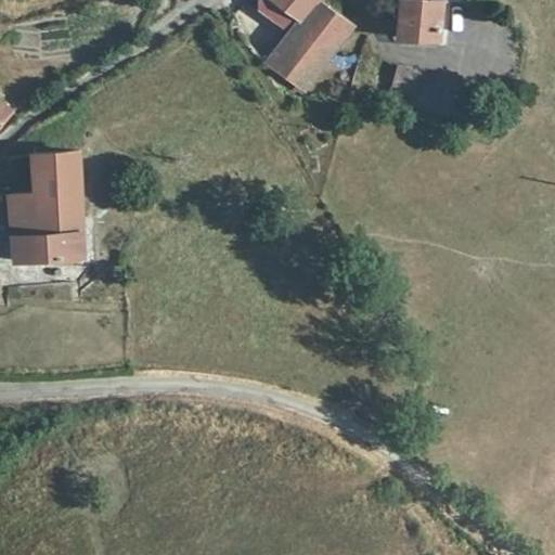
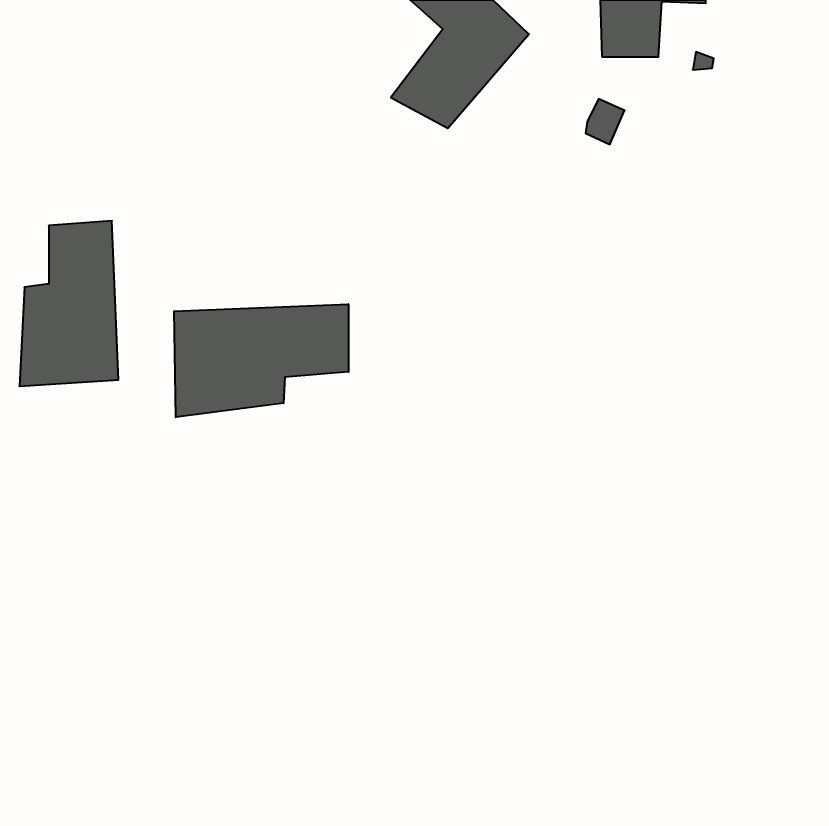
building: none -> [174,304,349,417]

